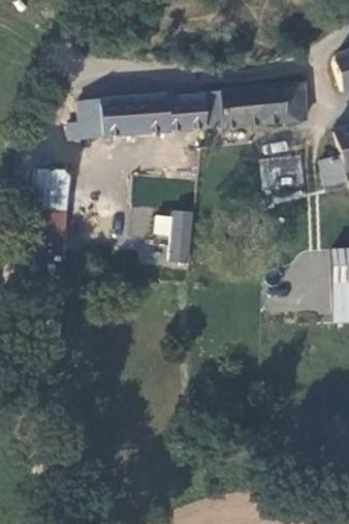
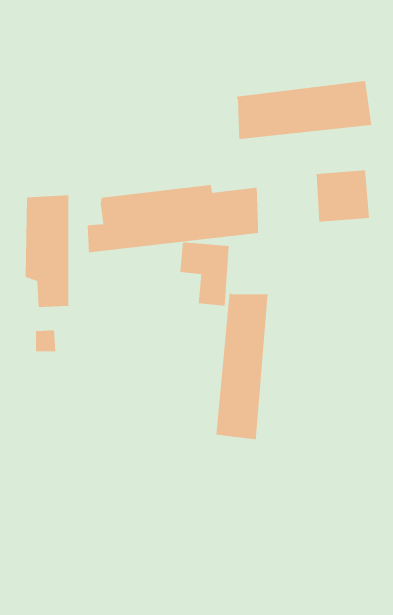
building: [67,94,202,148] -> [87,185,259,253]
building: none -> [216,293,268,440]

